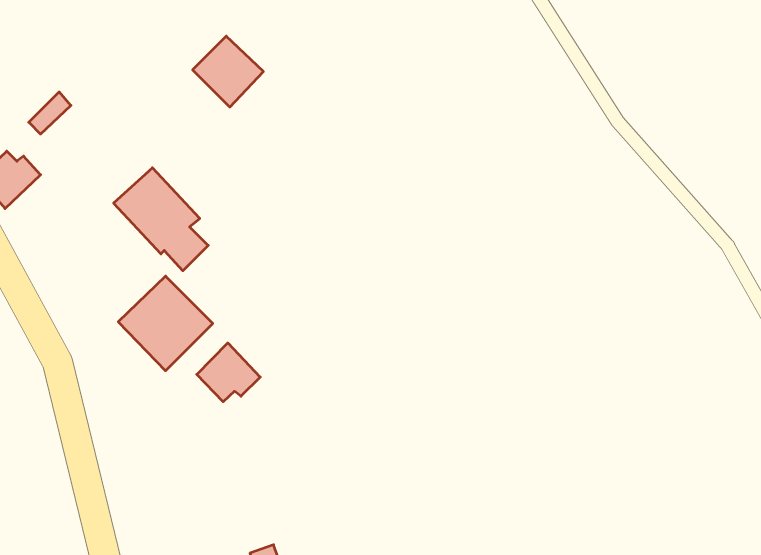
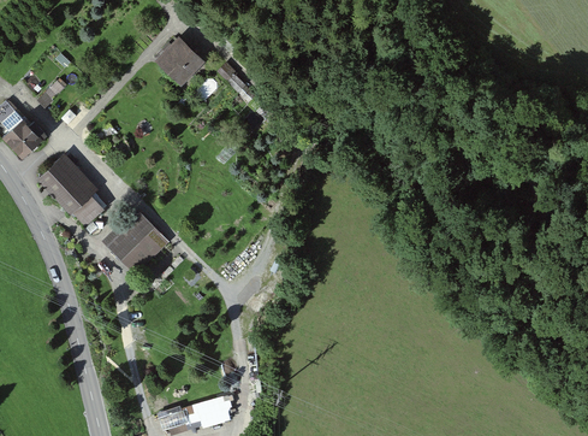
building: [114,168,208,271] -> [36,153,103,226]
building: [197,343,260,402] -> none

